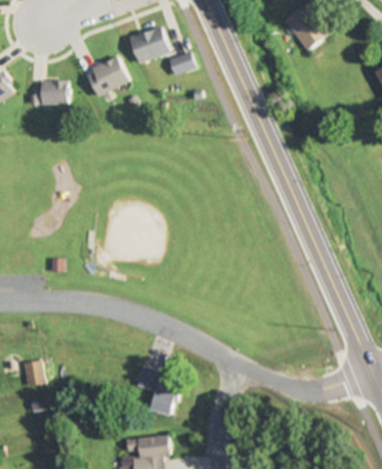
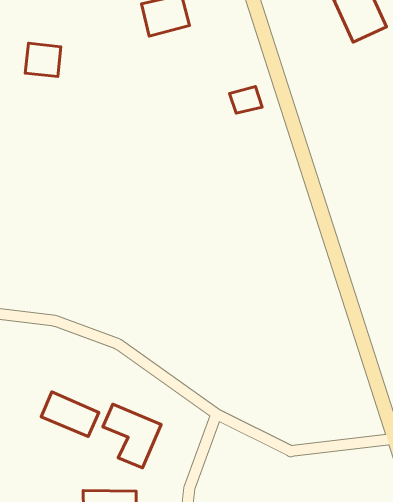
building: [167,51,195,75] -> [230,86,262,113]
building: [86,56,129,95] -> none
building: none -> [41,392,99,437]

